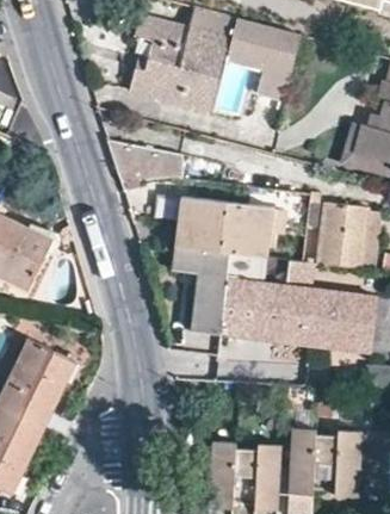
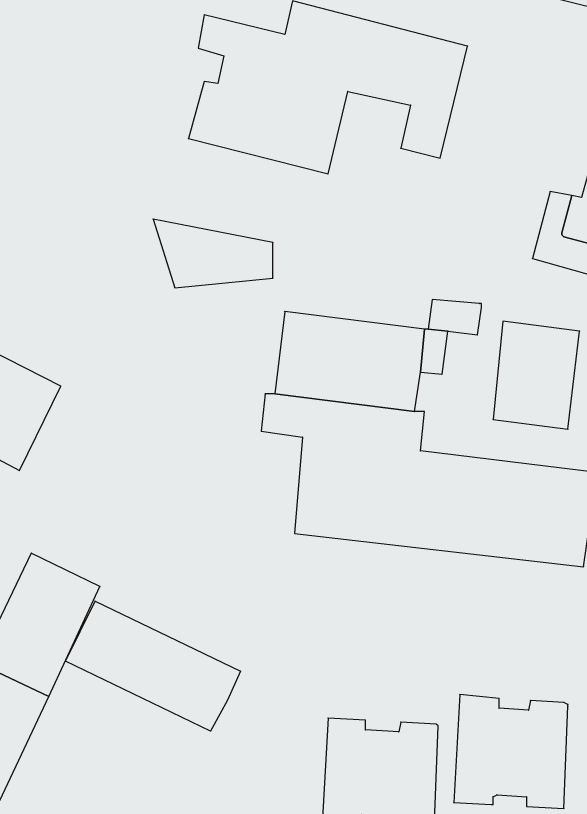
building: none -> [65,601,240,731]

